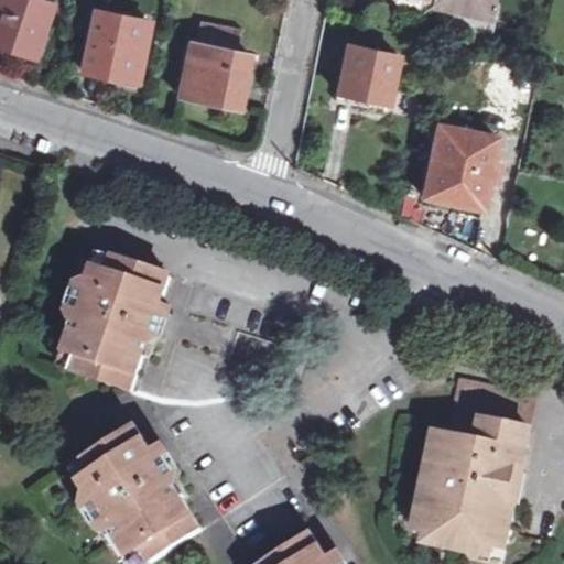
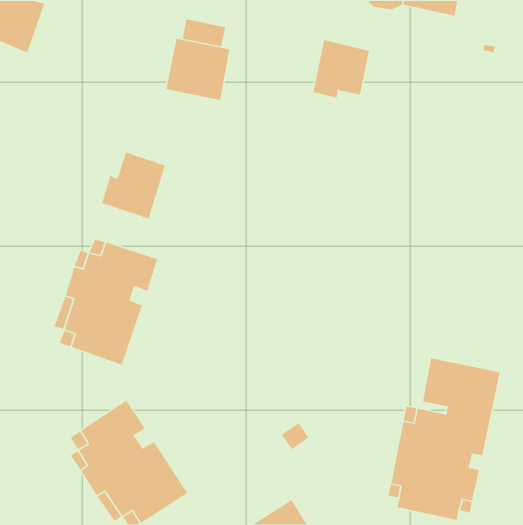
building: [80,7,148,78] -> none
building: [421,123,496,208] -> none
building: none -> [101,151,166,220]

